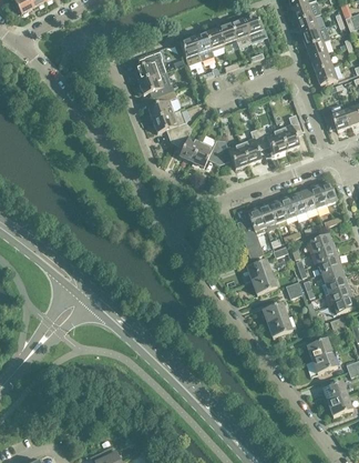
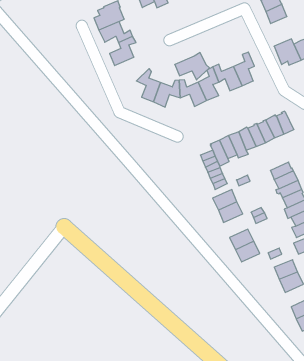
building: [152,109,188,138] -> [175,53,209,80]

